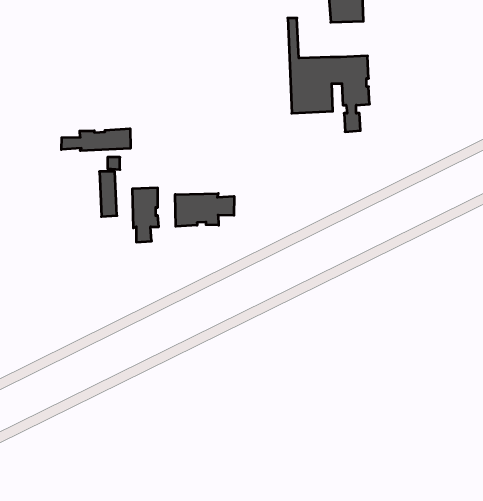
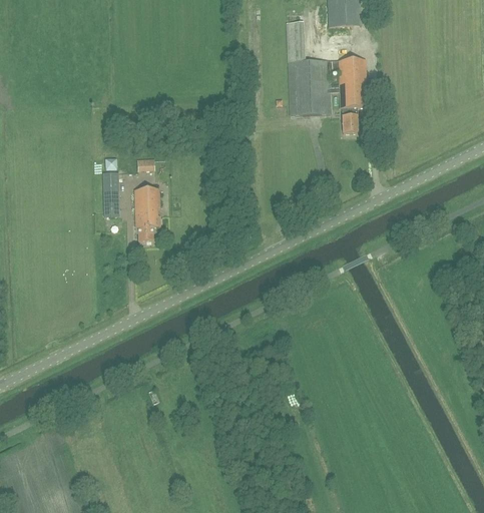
building: [61,129,130,151] -> none
building: [175,193,234,226] -> none

